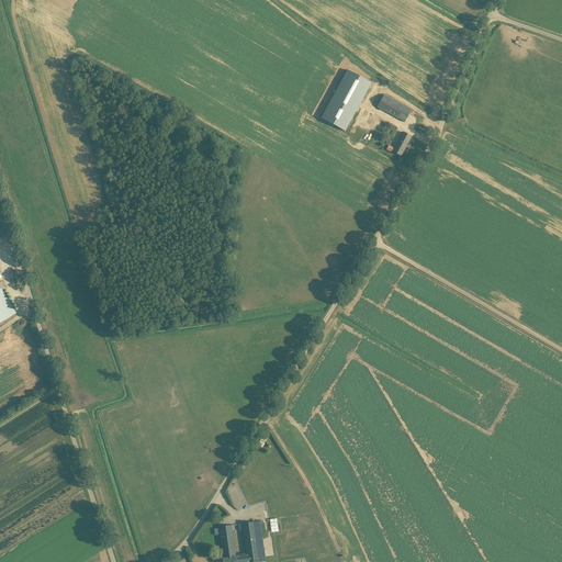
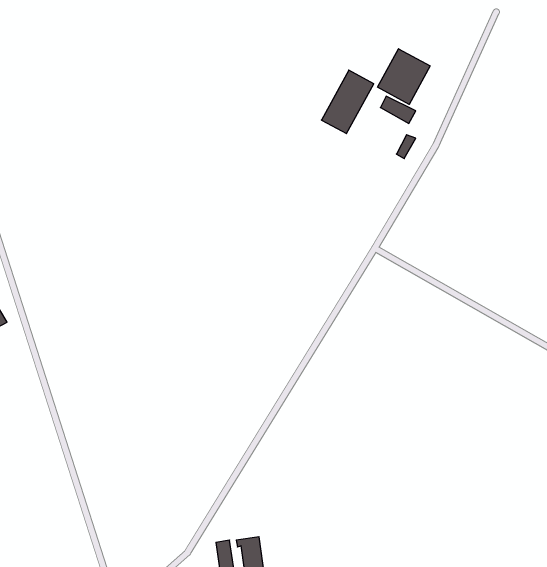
building: none -> [378,49,430,104]

